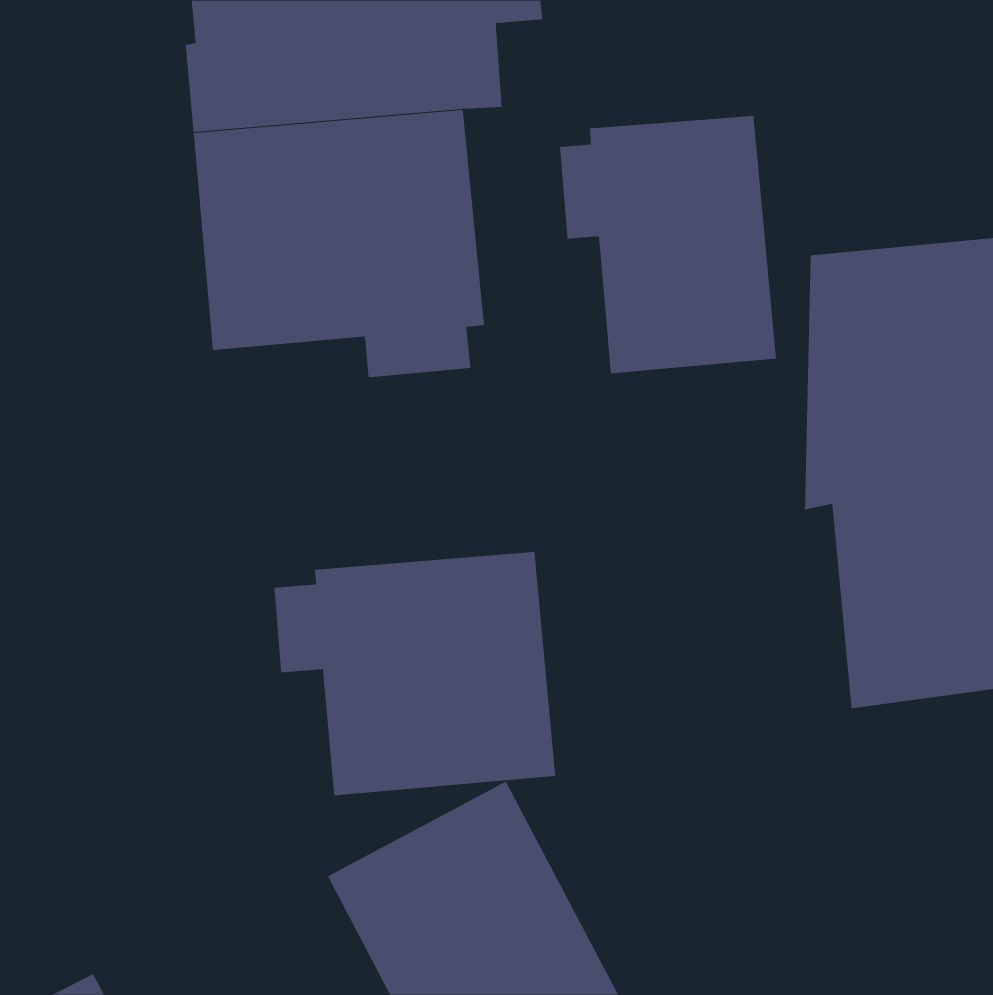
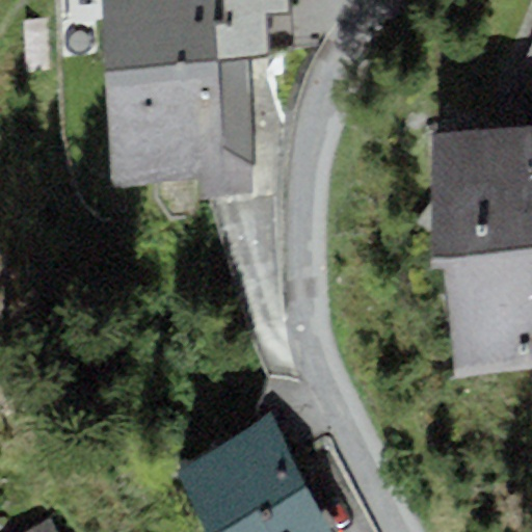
building: [559,115,776,374] -> none
building: [274,551,556,796] -> none

